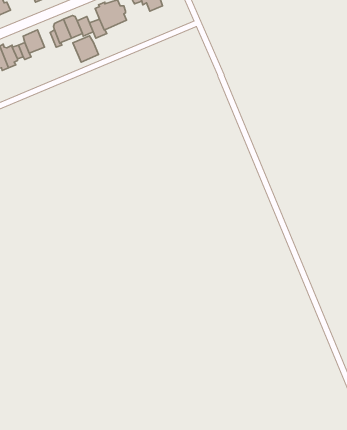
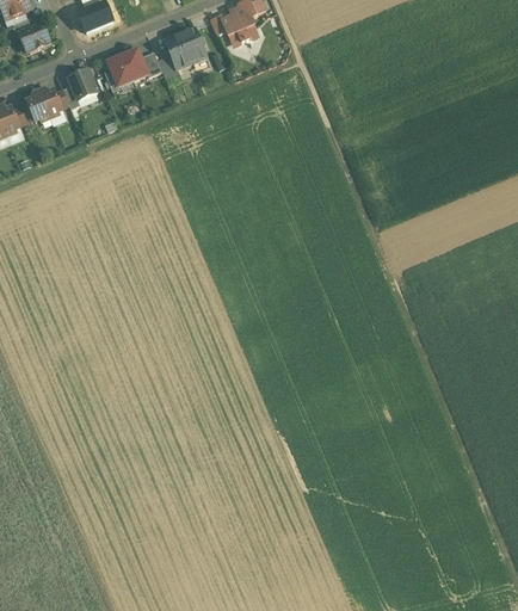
building: [73,36,99,62] -> none

